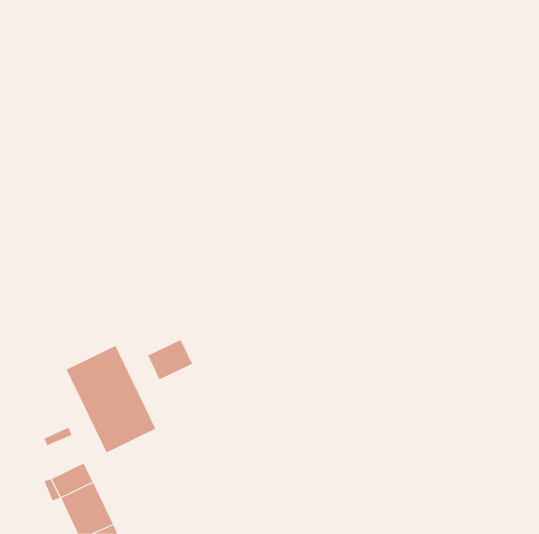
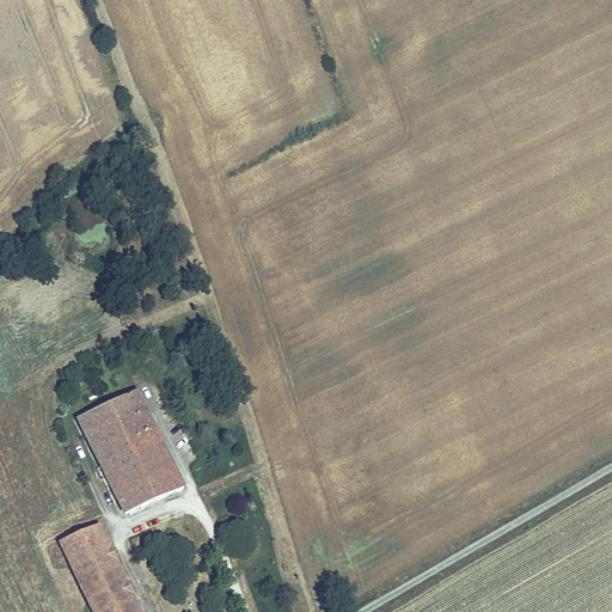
building: [147,339,193,380] -> none

